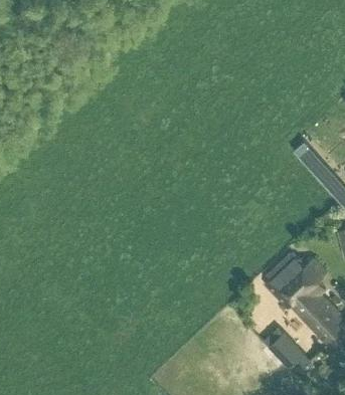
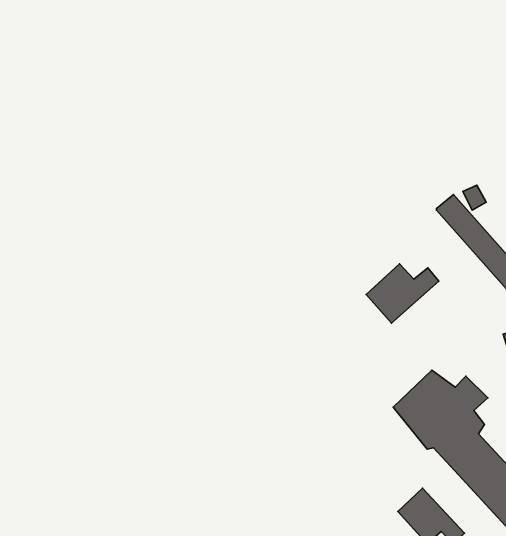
building: none -> [366,264,439,323]

